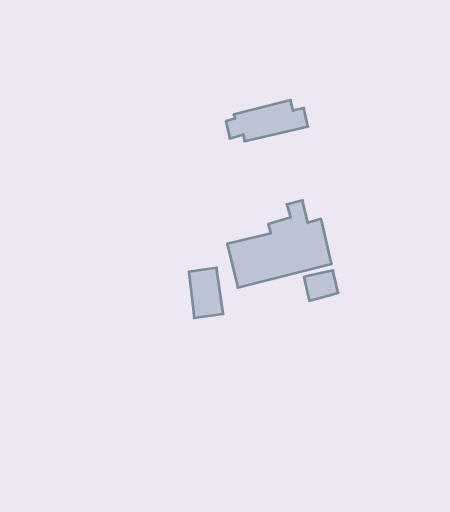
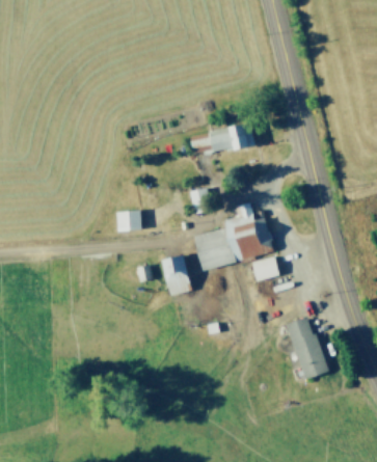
building: none -> [116,212,141,230]
building: none -> [286,317,329,380]

